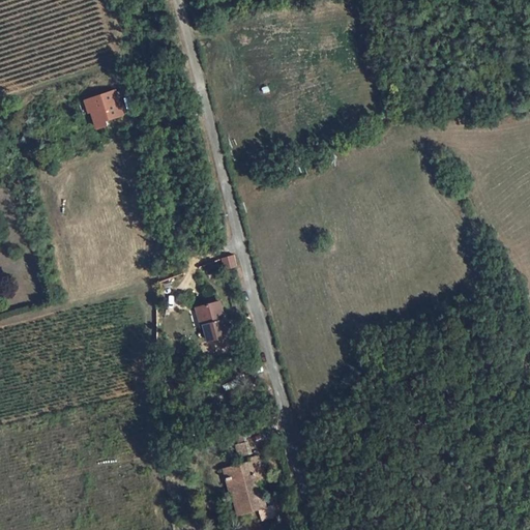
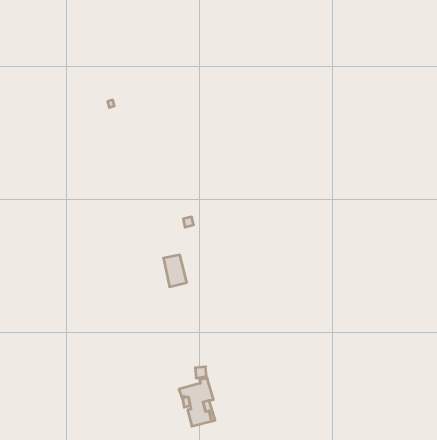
building: [83,90,120,127] -> none

